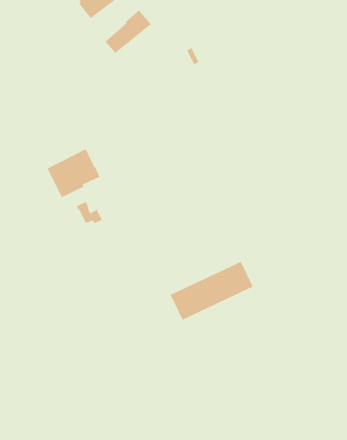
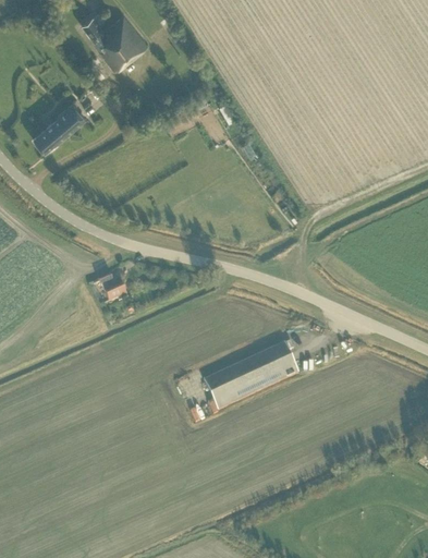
building: [104,10,152,54] -> [33,101,86,151]
building: [47,148,101,198] -> none

